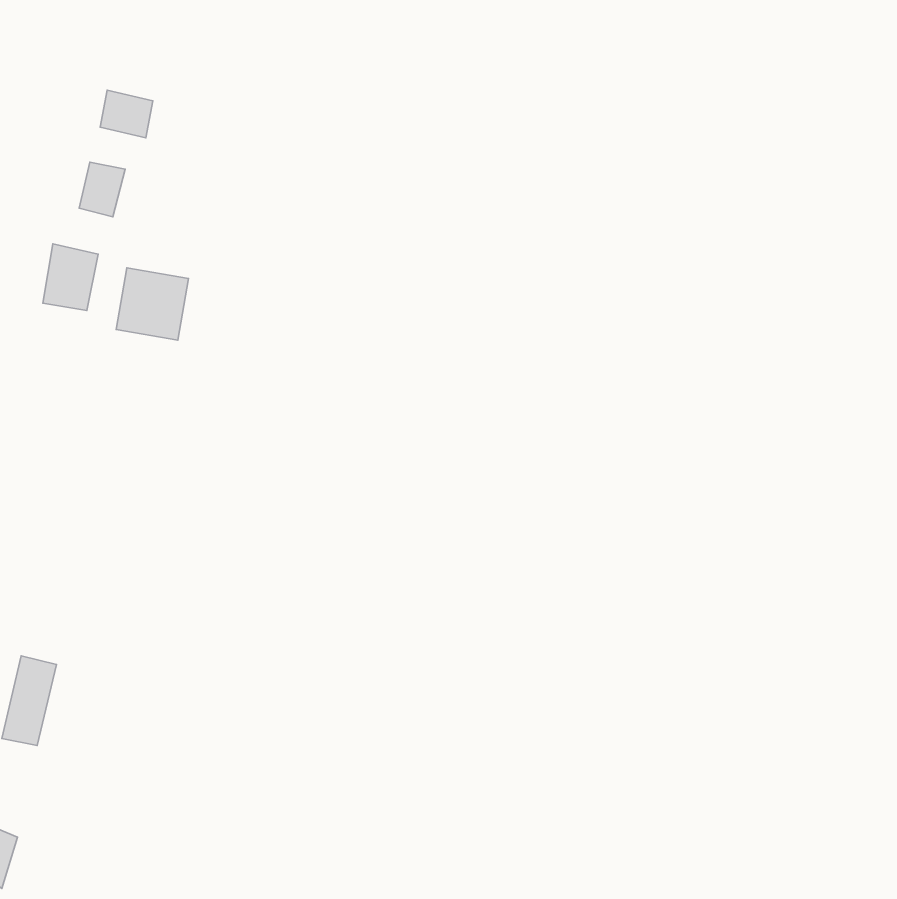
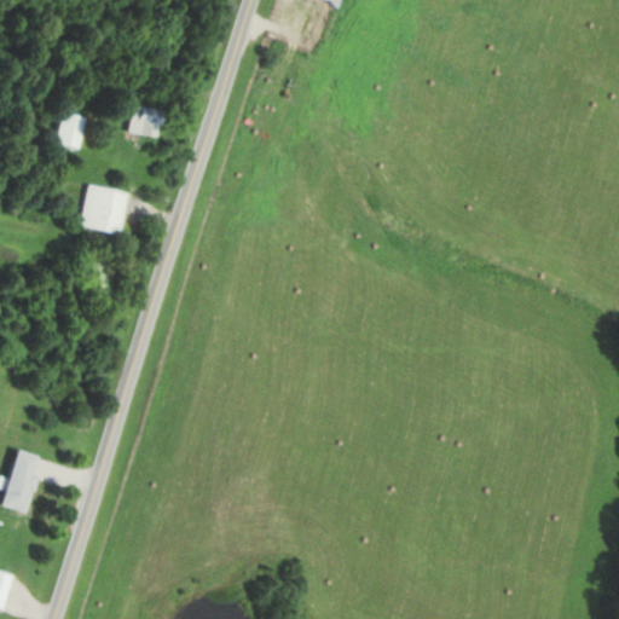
building: [100,90,153,138] -> [127,105,163,138]
building: [43,244,98,310] -> none

